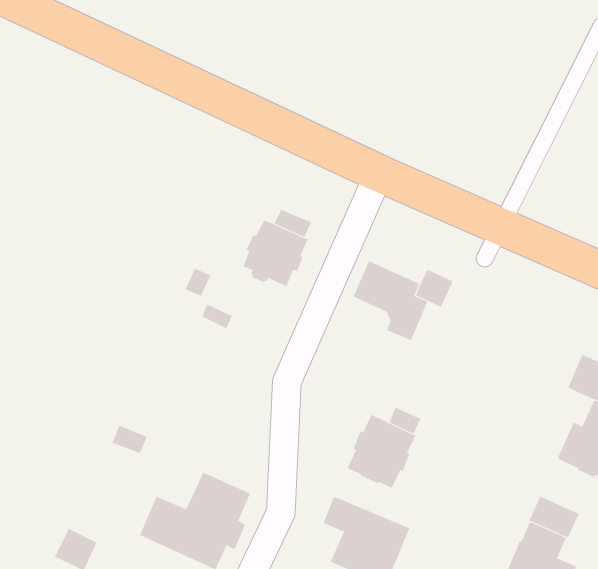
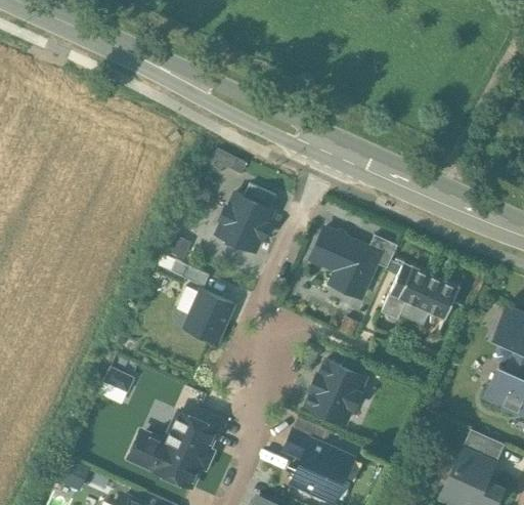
building: none -> [206,149,245,173]
building: none -> [380,265,458,322]
building: none -> [182,291,231,343]

